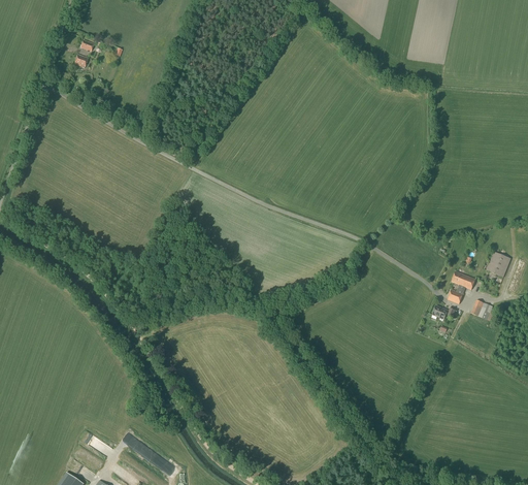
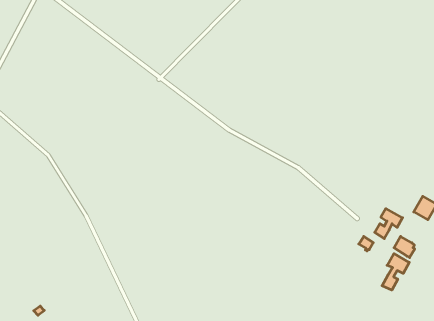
building: none -> [382,254,409,290]

